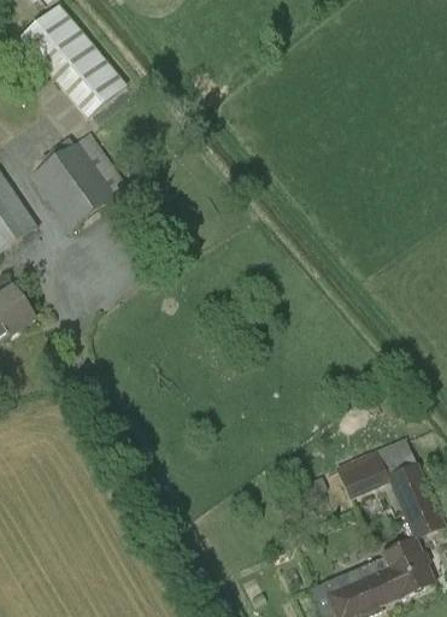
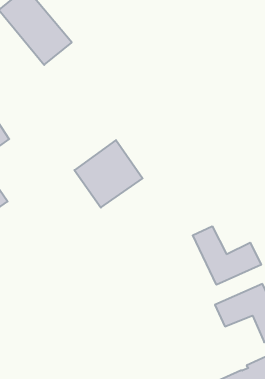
building: [30,131,129,229] -> [74,140,143,208]
building: none -> [193,226,261,285]

